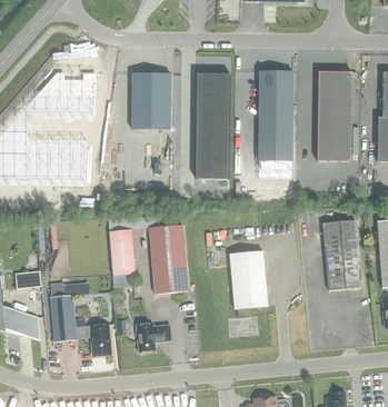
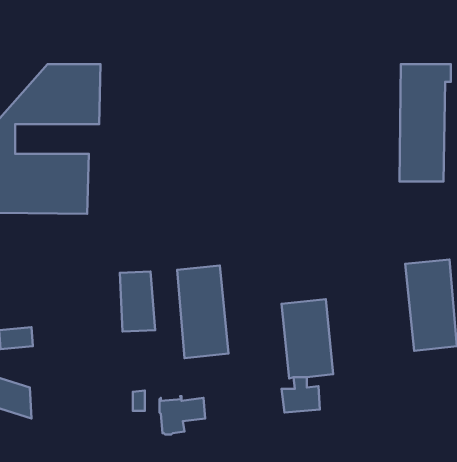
building: [258,70,292,178] -> none
building: [131,72,170,129] -> none
building: [195,72,230,178] -> none
building: [50,295,111,355] -> none

